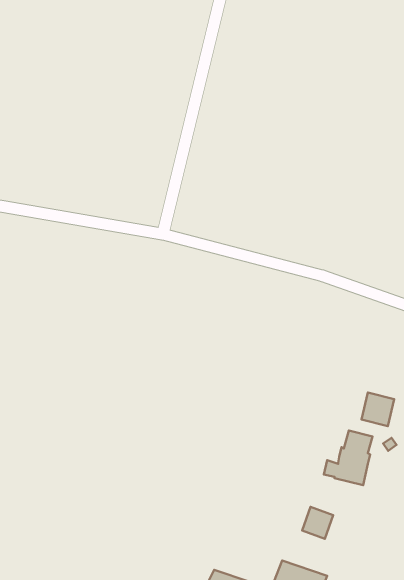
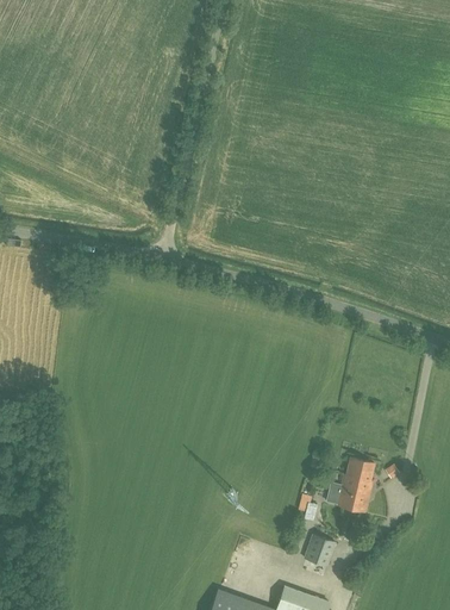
building: [362,393,394,426] -> none

